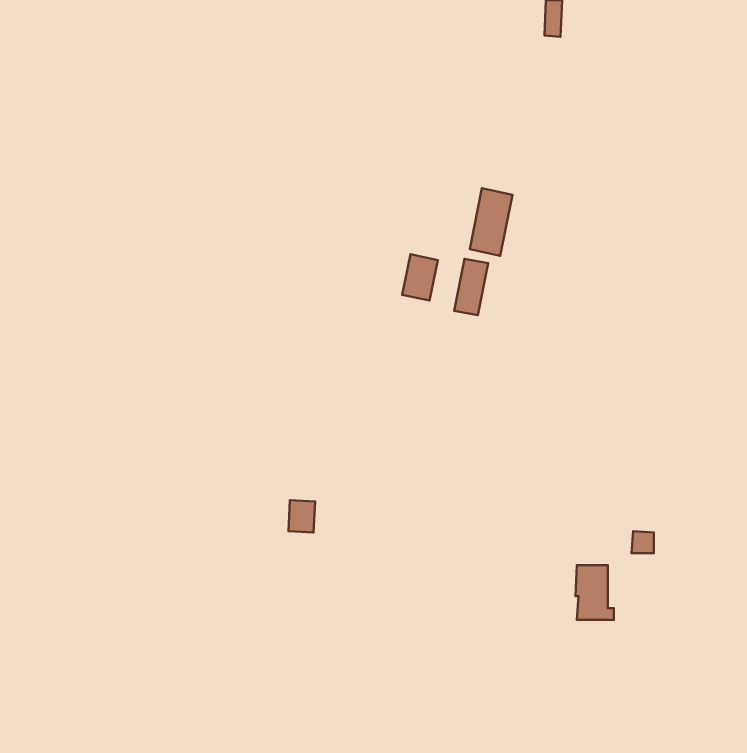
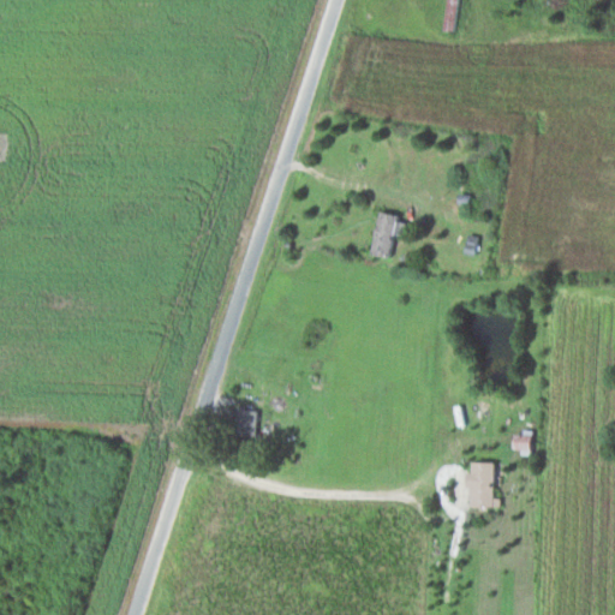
building: [470,188,512,256] -> none
building: [402,254,438,301] -> none

